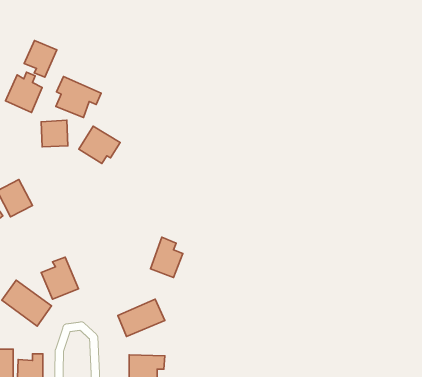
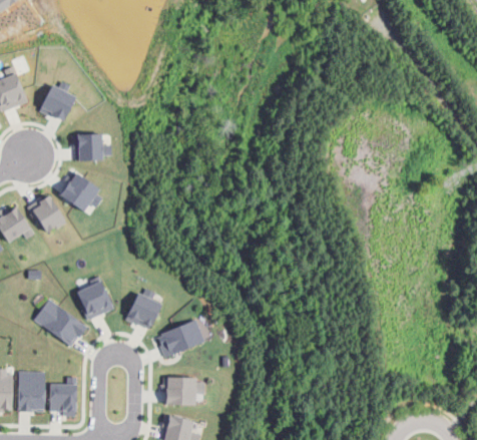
building: [24,40,57,77] -> none
building: [56,77,101,117] -> none
building: [79,126,120,164] -> [59,172,102,211]
building: [150,237,183,278] -> [126,287,160,329]

